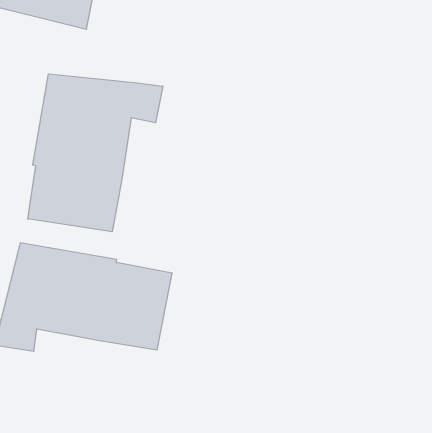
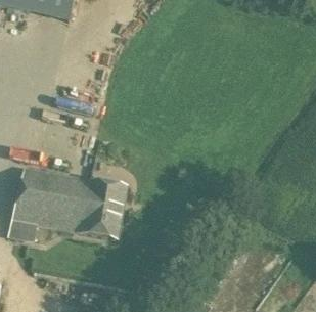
building: [28,74,163,232] -> none

